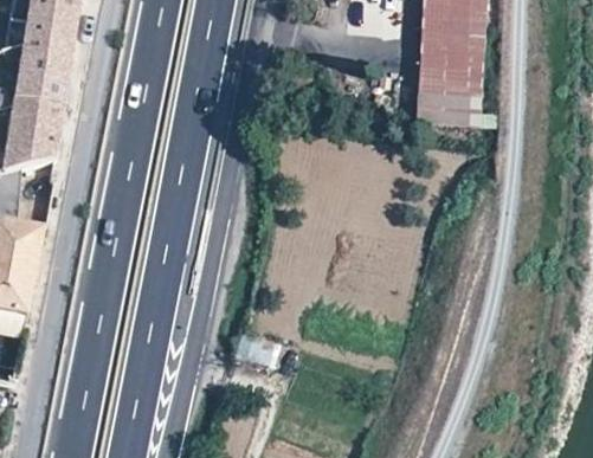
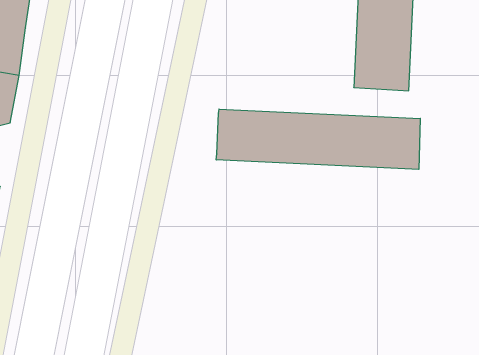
building: none -> [216,109,420,169]

